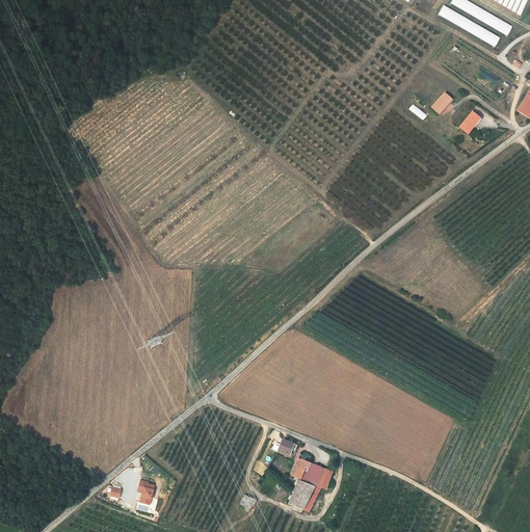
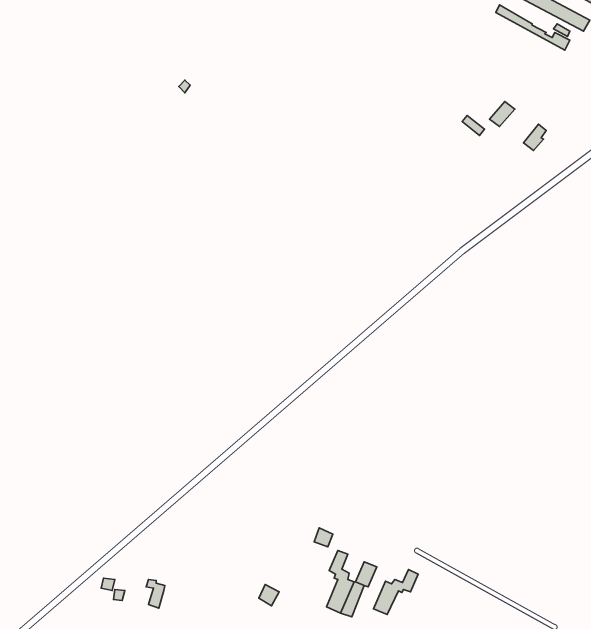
building: none -> [374,569,418,614]

